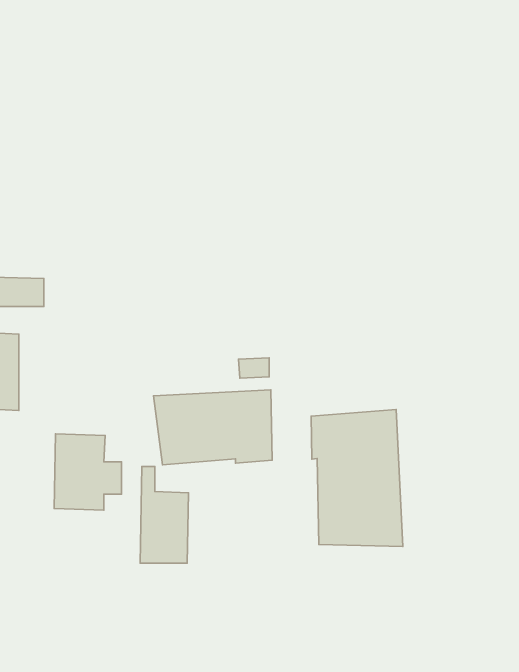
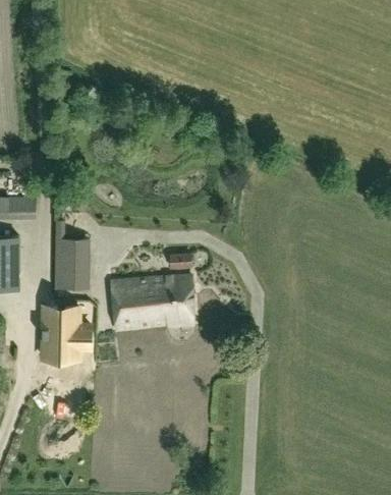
building: [311,409,403,546] -> none
building: [140,467,189,563] -> [55,221,89,288]

